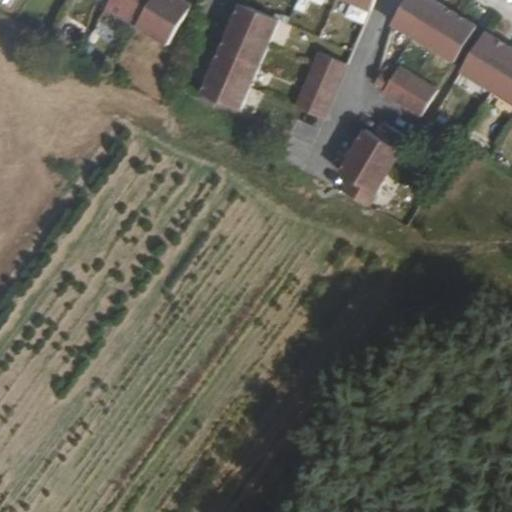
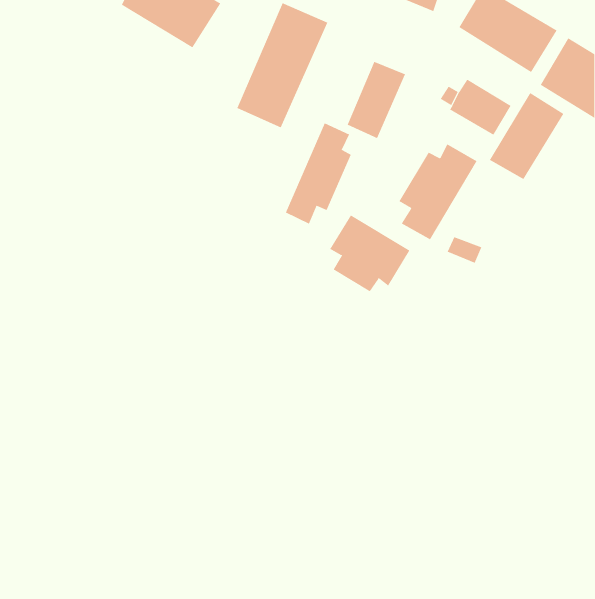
building: none -> [489,92,564,180]
building: none -> [285,123,351,224]
building: none -> [329,215,410,292]

